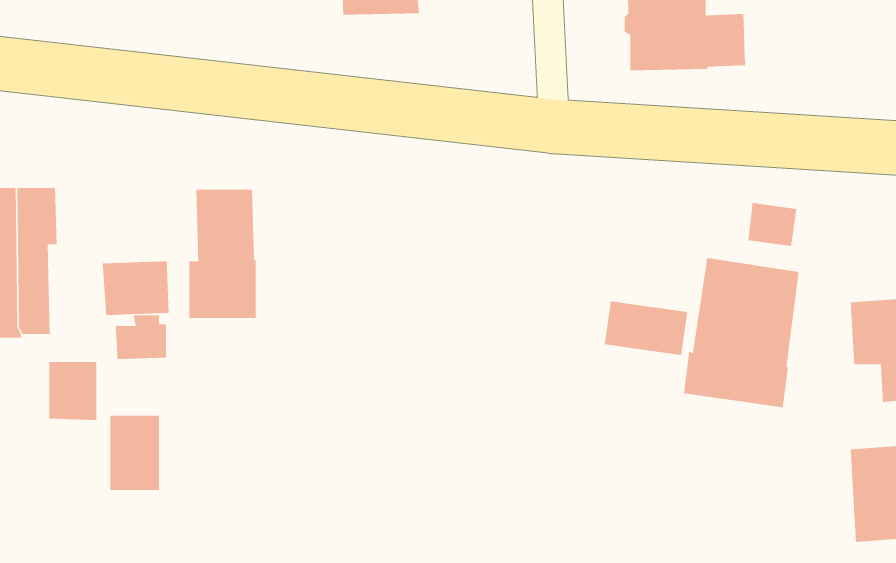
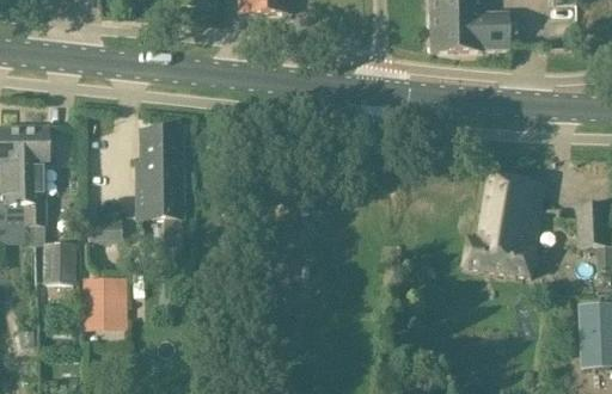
building: [748,202,797,247] -> none
building: [102,260,169,316] -> none
building: [604,300,688,356] -> none

